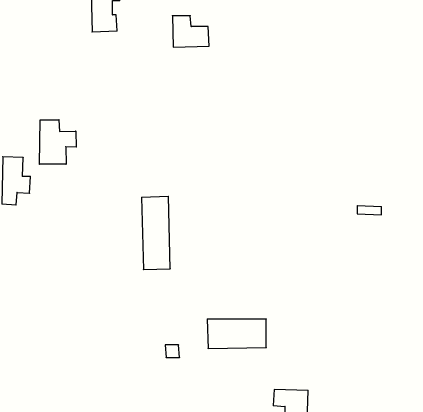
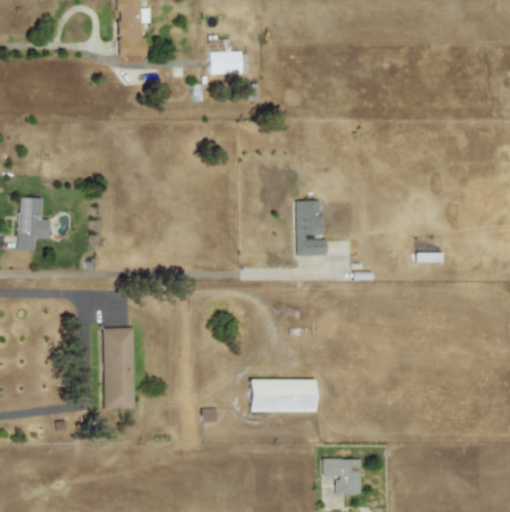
building: [39,120,76,164] -> none
building: none -> [295,200,326,255]
building: [142,196,170,270] -> [103,327,135,409]

